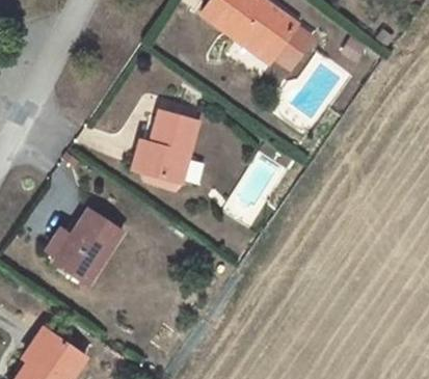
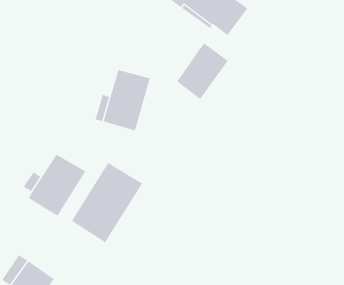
building: none -> [176,43,229,100]
building: none -> [71,162,143,243]

